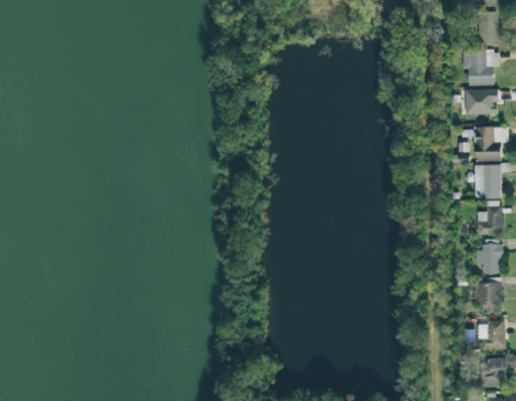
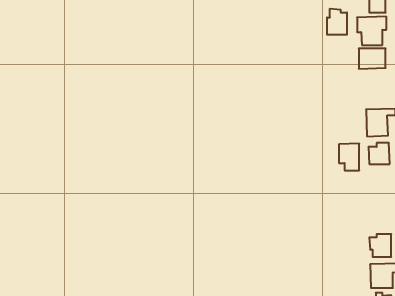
building: none -> [327,9,347,35]
building: [475,127,501,161] -> none
building: [476,240,501,273] -> [339,144,359,170]
building: [468,283,503,312] -> none

